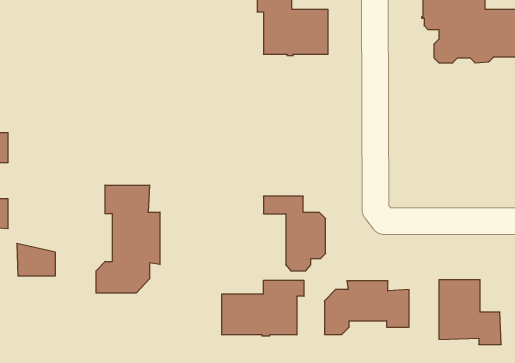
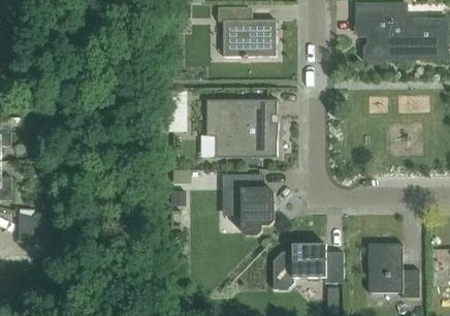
building: none -> [205,99,278,157]
building: [96,185,160,293] -> none
building: [222,280,304,336] -> none

